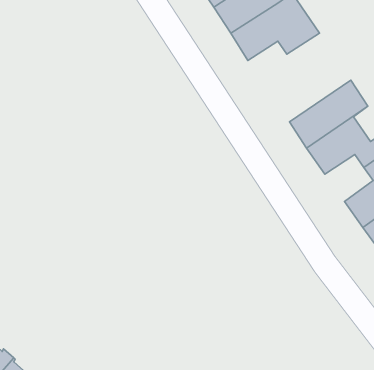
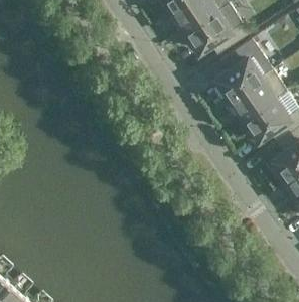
building: none -> [211,39,273,103]

